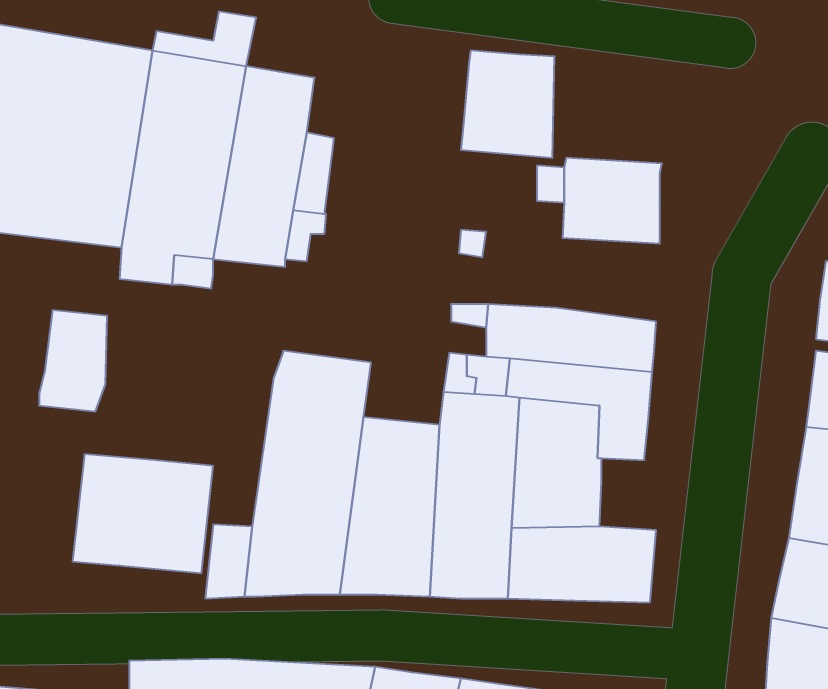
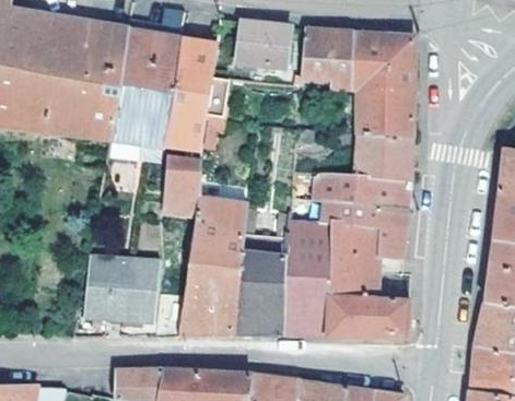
building: none -> [234,22,290,67]
building: none -> [350,32,411,92]
building: none -> [352,133,410,180]
building: [39,310,107,411] -> [162,155,200,212]

